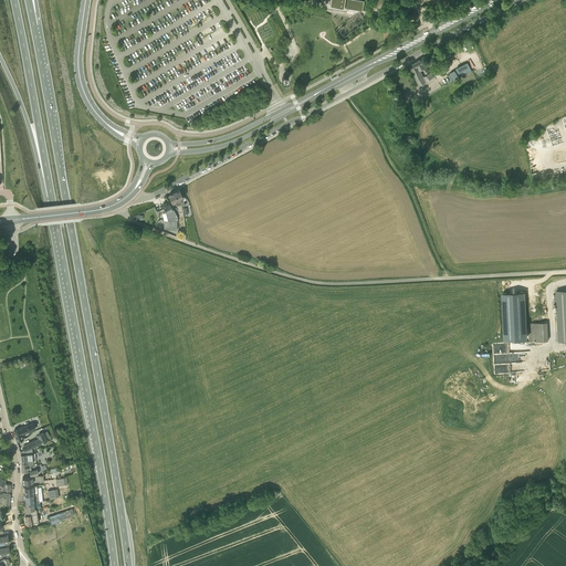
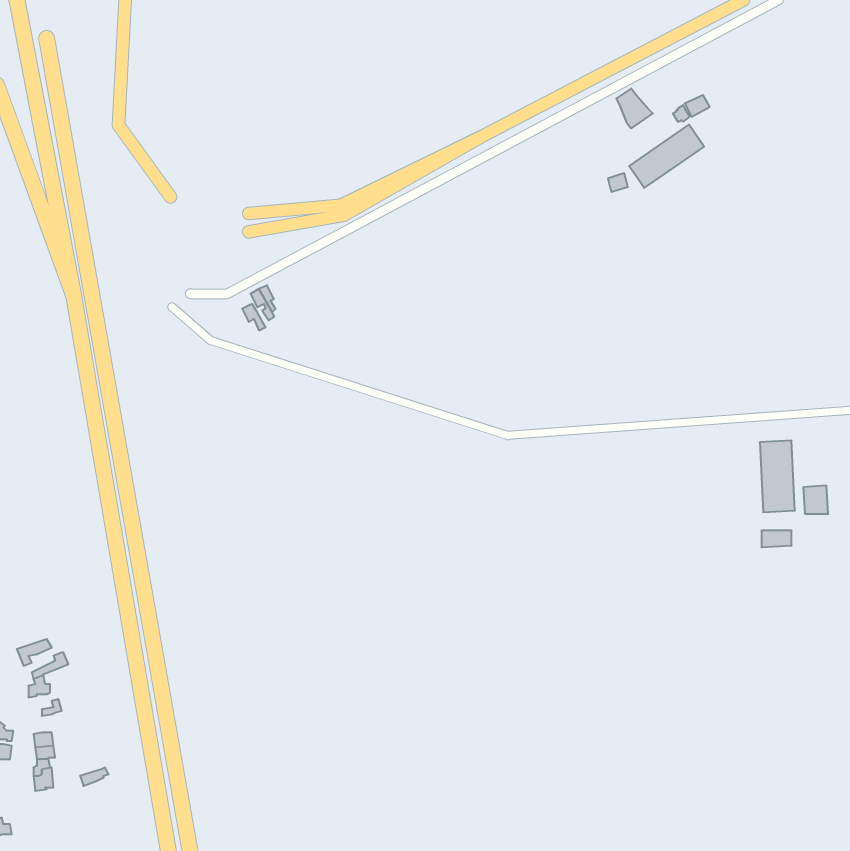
building: none -> [629,125,704,188]

